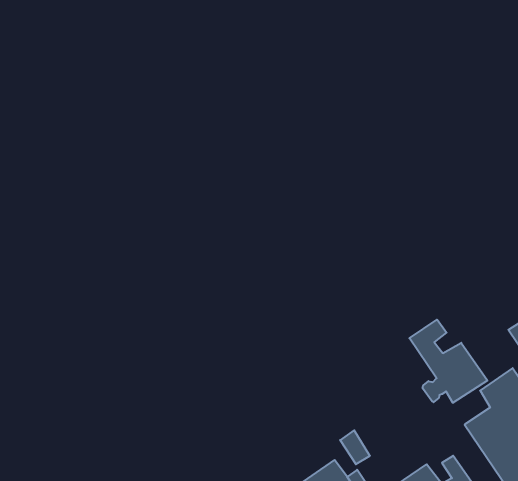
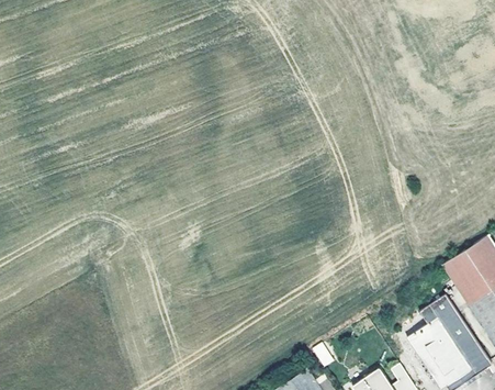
building: [409,320,487,403] -> none

